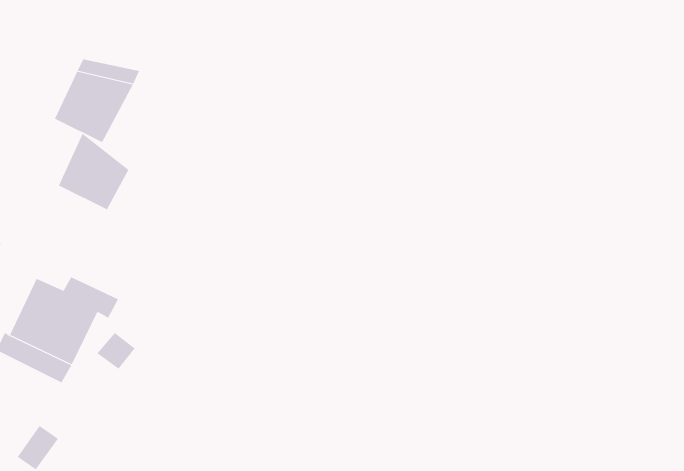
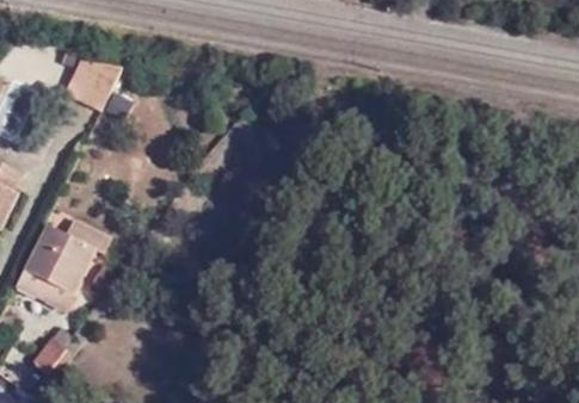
building: [58,133,129,210] -> none

